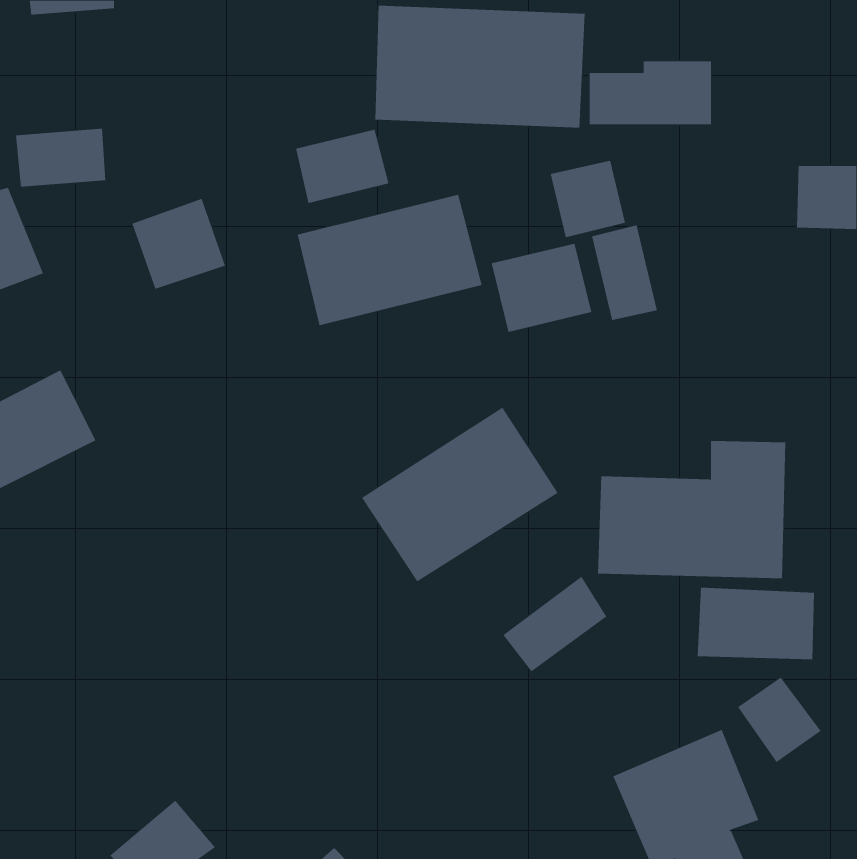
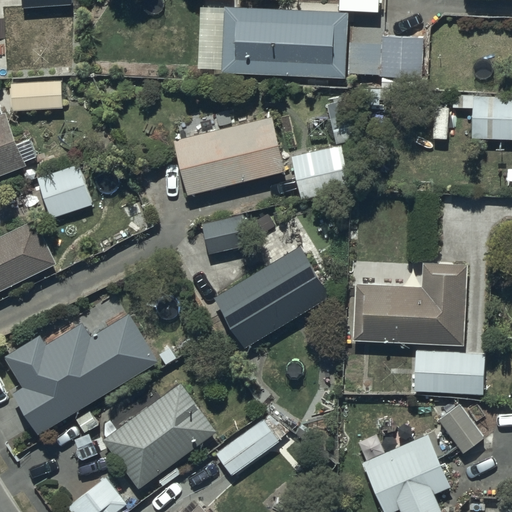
building: [295,129,389,204] -> none
building: [131,198,226,289] -> [35,164,91,218]
building: [592,224,658,321] -> none
building: none -> [202,216,251,256]
building: none -> [6,316,155,434]
building: [503,576,607,672] -> [215,419,277,476]
building: none -> [105,384,215,487]

